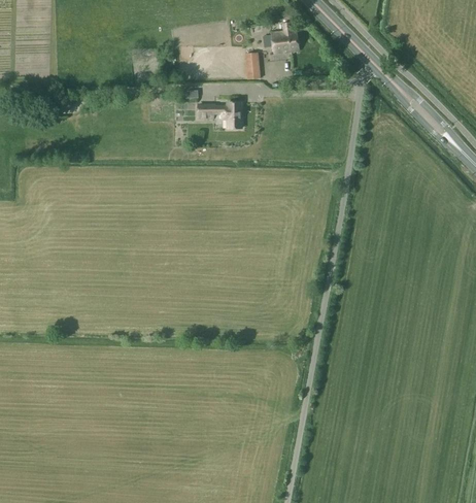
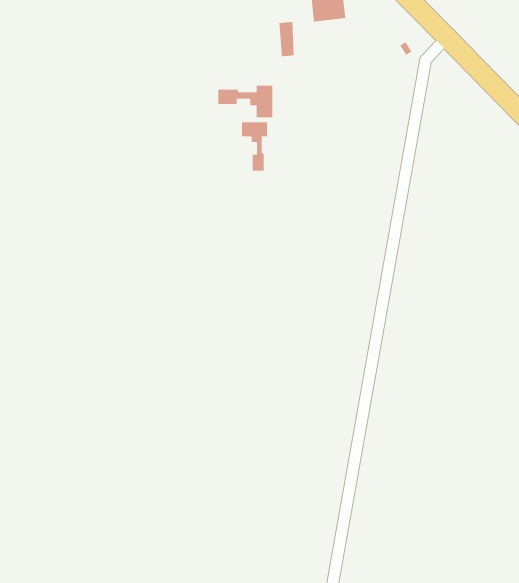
building: none -> [241,121,268,172]

